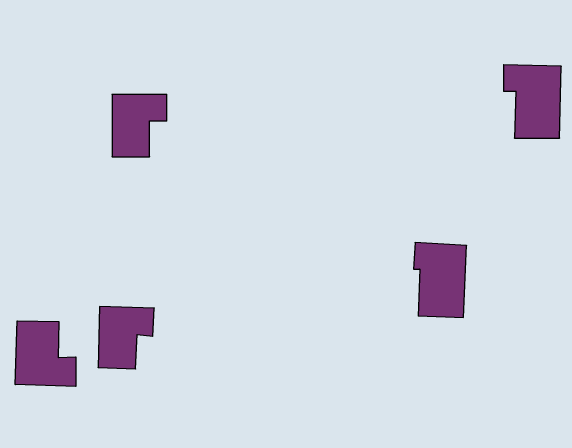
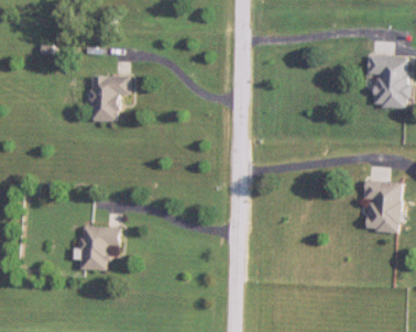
building: [414,243,467,317] -> [363,180,401,233]
building: [15,321,76,386] -> none

